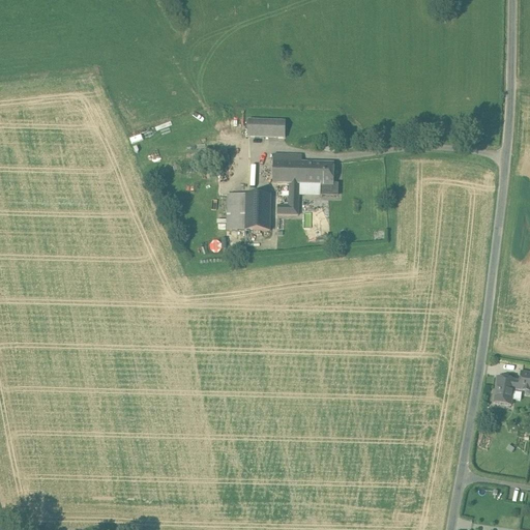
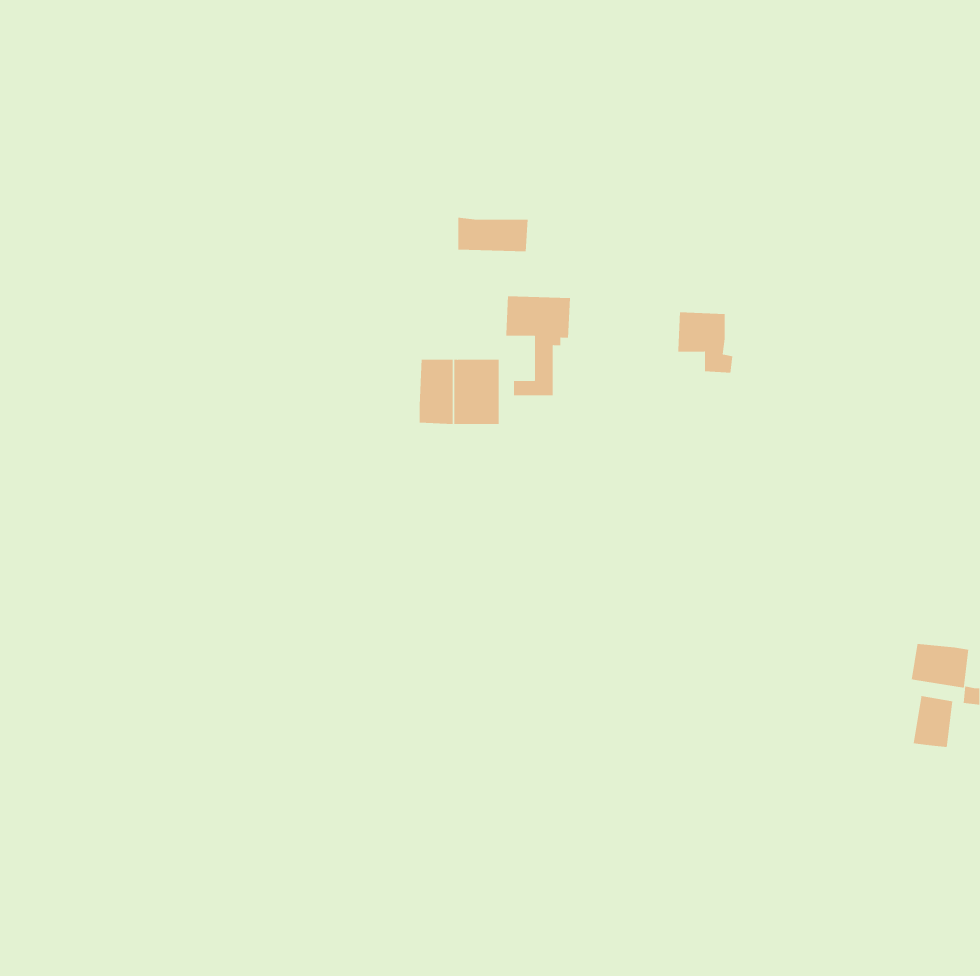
building: [306,160,336,194] -> [677,312,733,373]
building: none -> [911,643,969,688]

